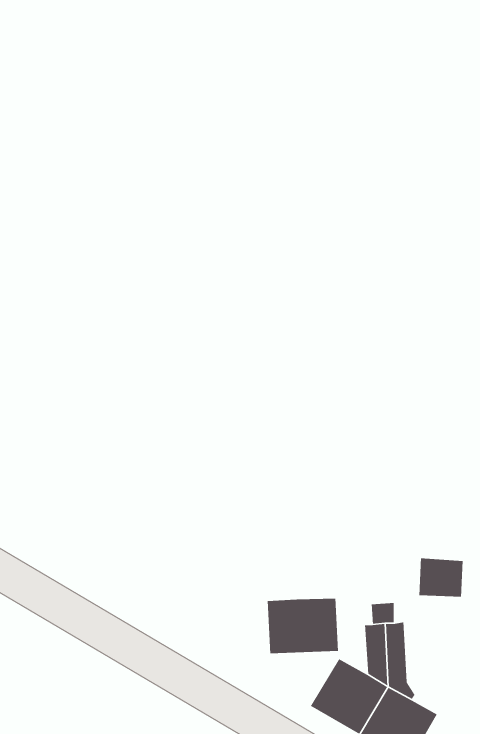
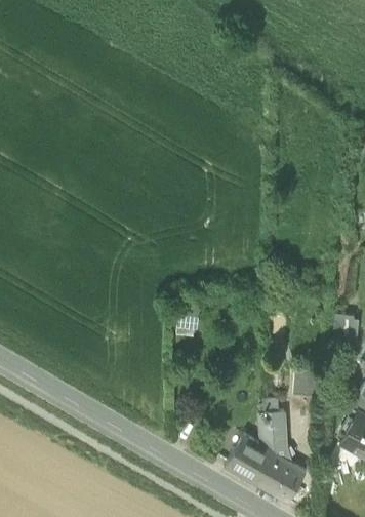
building: [267,598,339,654] -> none

